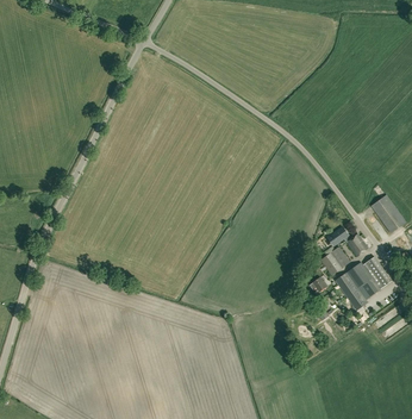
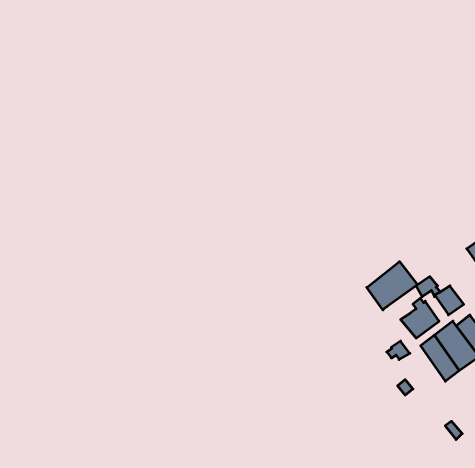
building: none -> [367,262,417,310]

